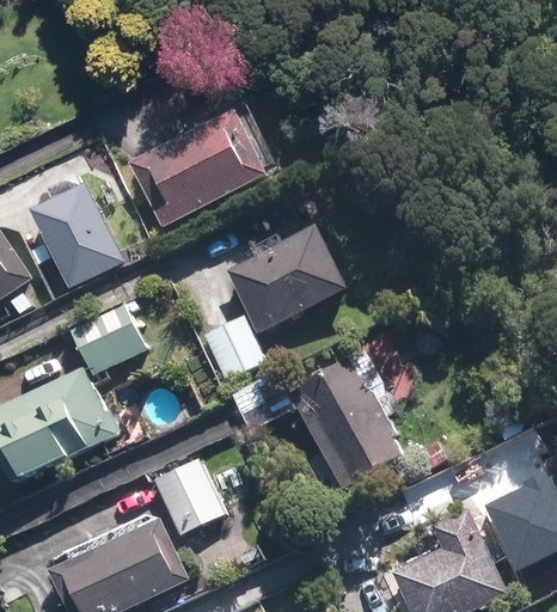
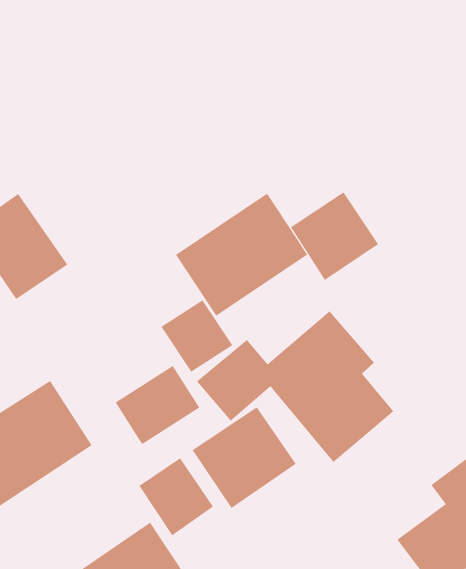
building: [129,108,273,228] -> none
building: none -> [290,192,379,281]
building: [71,302,151,373] -> [115,365,200,445]
building: none -> [192,406,297,509]

